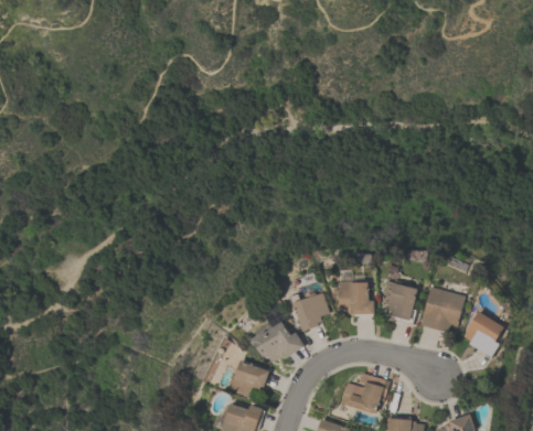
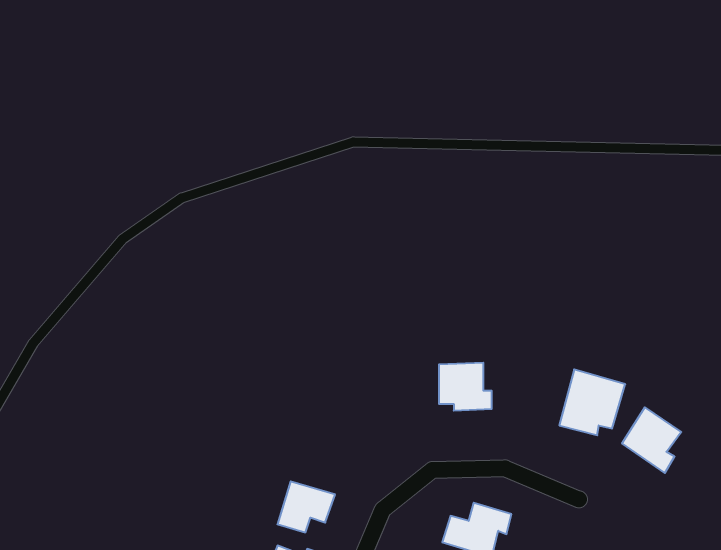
building: [383,283,417,321] -> none
building: [292,293,328,331] -> none
building: [252,323,302,360] -> none

